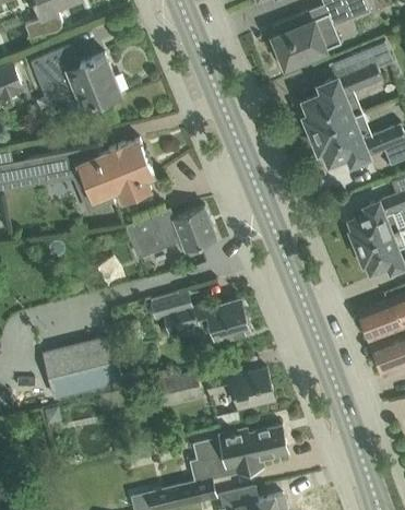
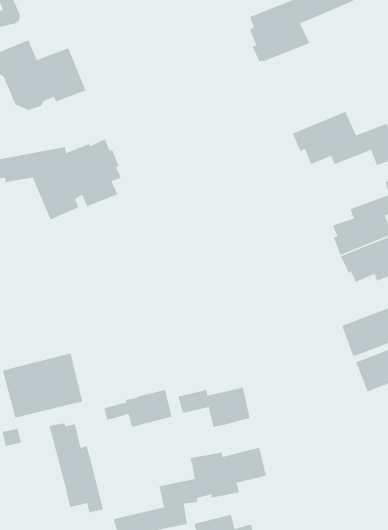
building: [303,43,393,134] -> none
building: [127,209,217,258] -> none
building: [152,295,251,345] -> none
building: none -> [49,423,104,513]

